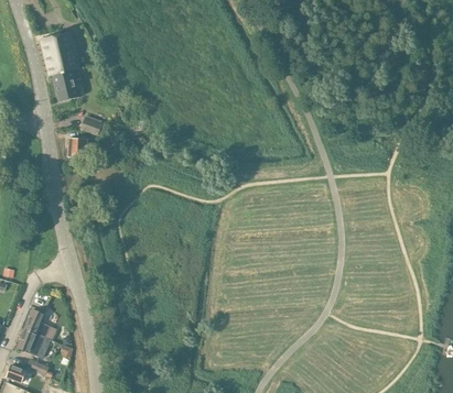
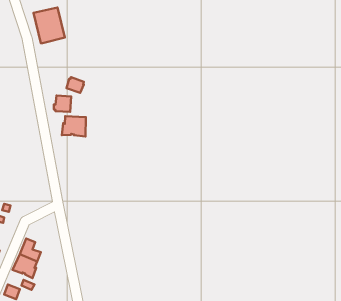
building: [52,68,84,101] -> none
building: none -> [62,116,86,136]

